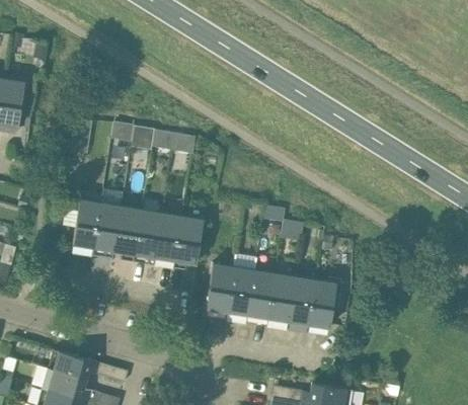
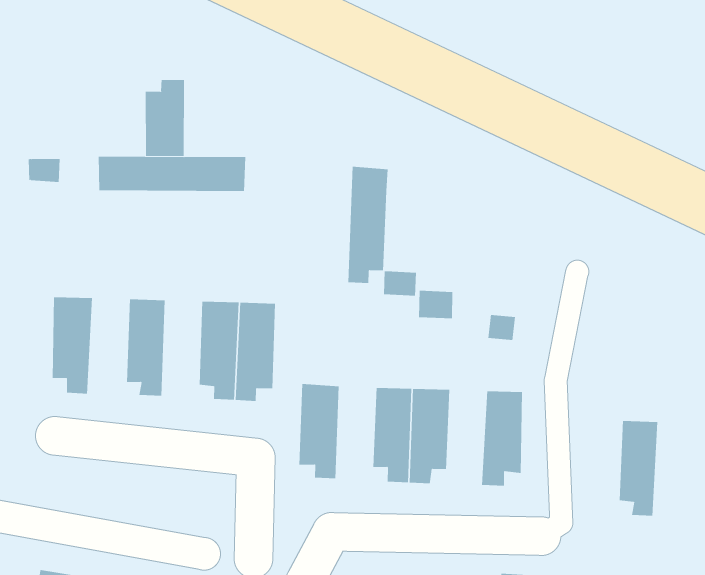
building: none -> [145,79,184,157]
building: [92,202,122,258] -> none
building: [134,209,162,264] -> none
building: [226,255,256,322] -> [347,166,388,283]
building: [289,277,316,333] -> [619,421,658,516]

